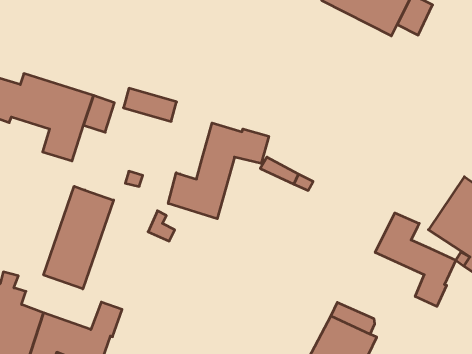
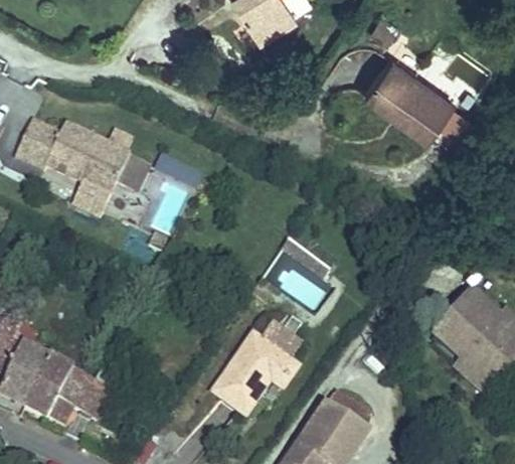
building: [168,123,269,219] -> none
building: [44,186,114,289] -> none
building: [375,213,456,306] -> none
building: none -> [212,316,301,413]

